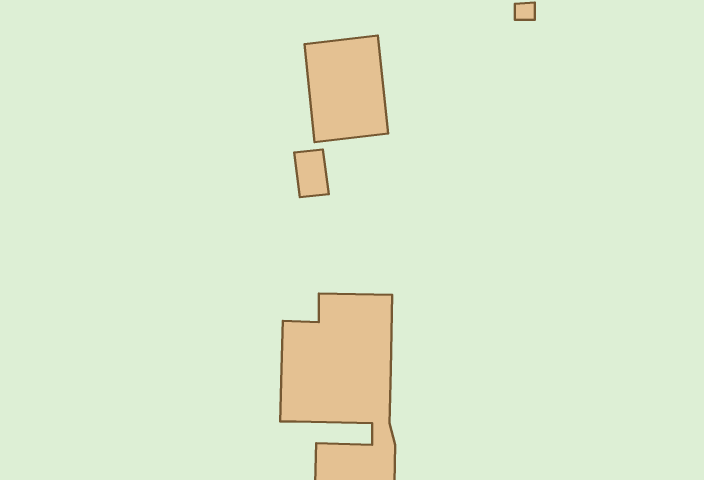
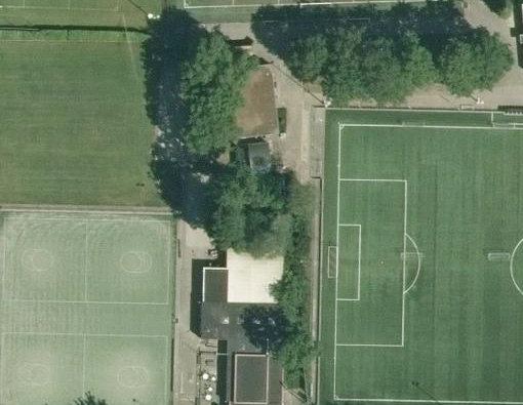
building: [294,150,329,197] -> [246,145,271,178]

